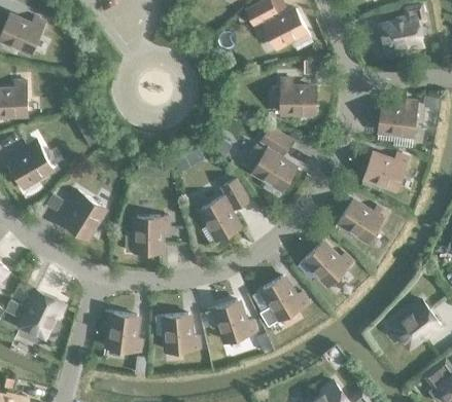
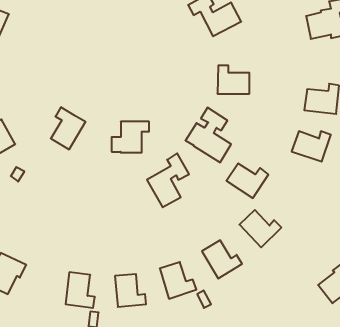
building: [65,191,104,239] -> [51,107,86,149]
building: [338,202,385,241] -> [226,163,268,198]
building: [126,217,168,252] -> [112,122,149,153]

